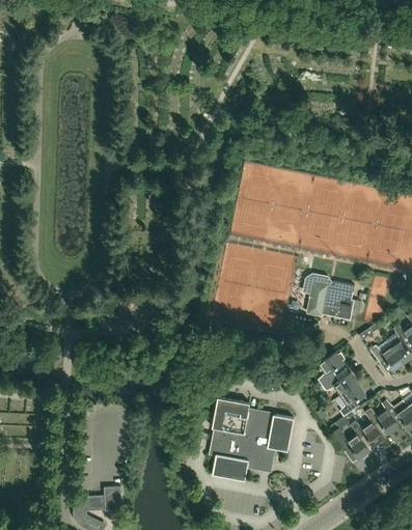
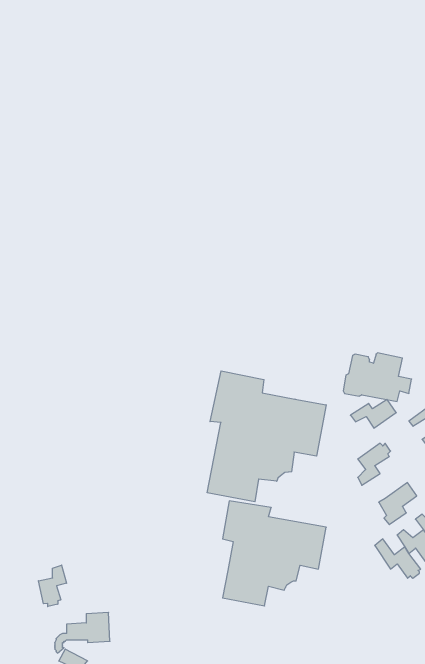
building: none -> [207,371,326,502]
building: [322,373,358,396] -> [350,399,396,428]
building: none -> [38,565,67,607]

